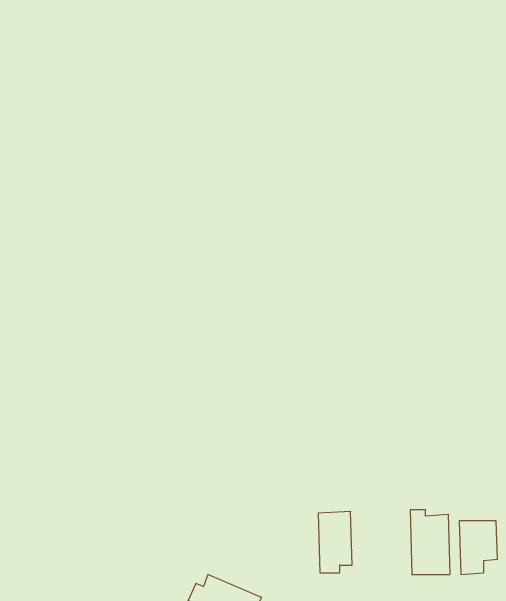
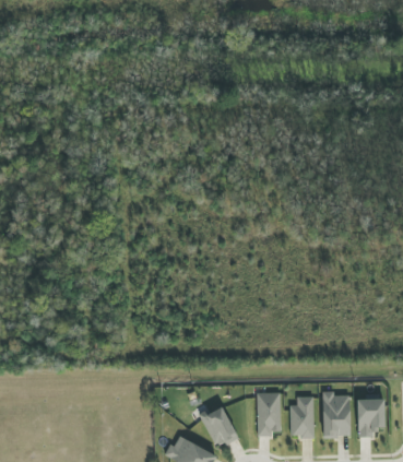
building: none -> [289,396,313,437]
building: none -> [200,406,237,448]

